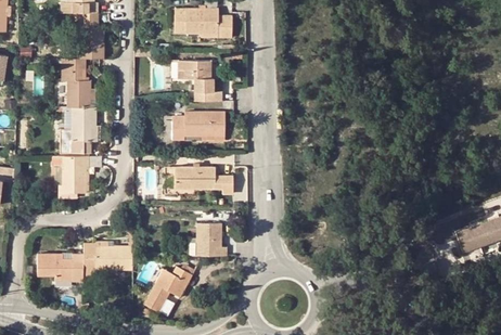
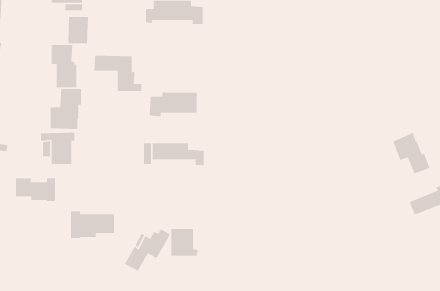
building: [167,60,221,101] -> [94,55,142,92]
building: none -> [392,132,430,175]
building: [195,224,227,256] -> [170,228,199,256]
building: [37,255,82,282] -> [15,178,56,202]

